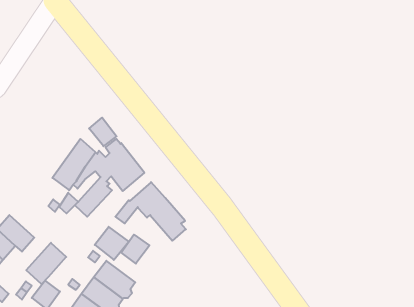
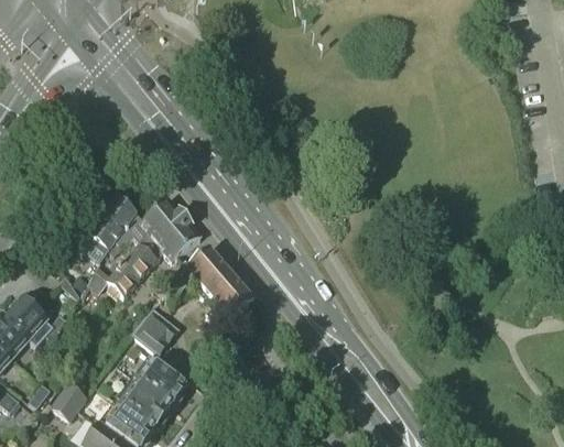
building: [89,118,117,146] -> none
building: [121,235,149,264] -> none
building: [26,243,66,284] -> none

